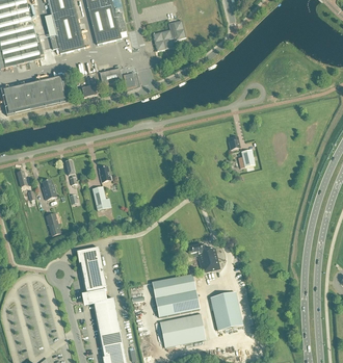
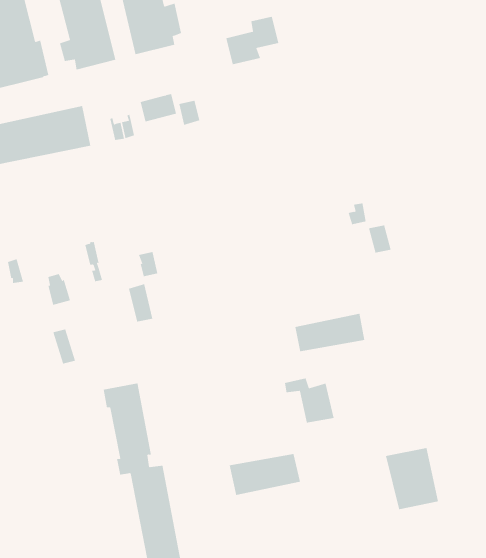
building: [151,274,194,297] -> [295,313,365,352]
building: [209,291,242,330] -> [385,448,439,510]
building: [159,313,205,346] -> none

